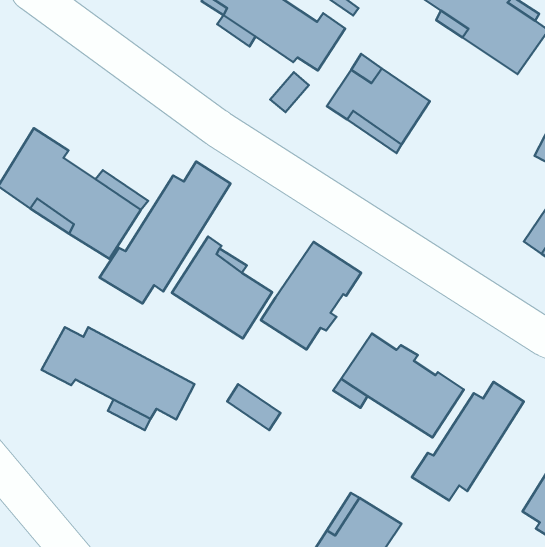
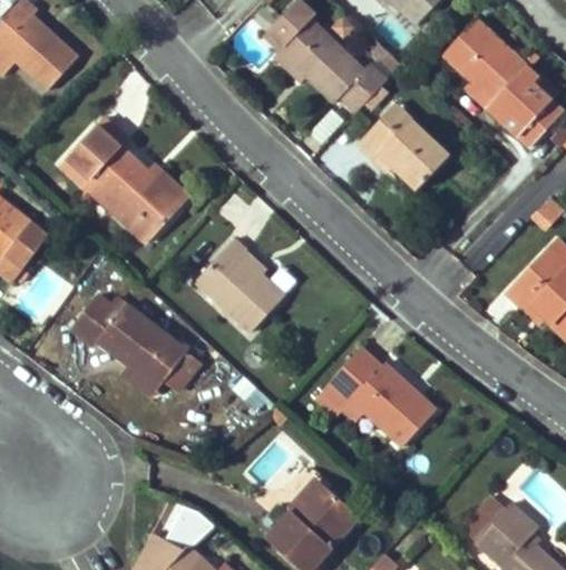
building: [100,161,231,304] -> none
building: [261,242,361,349] -> none
building: [412,382,524,501] -> none

